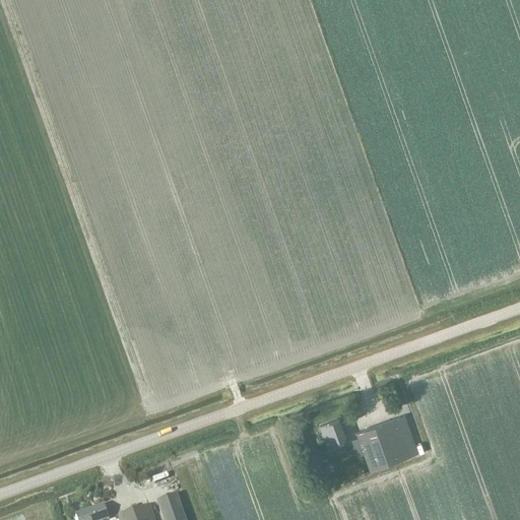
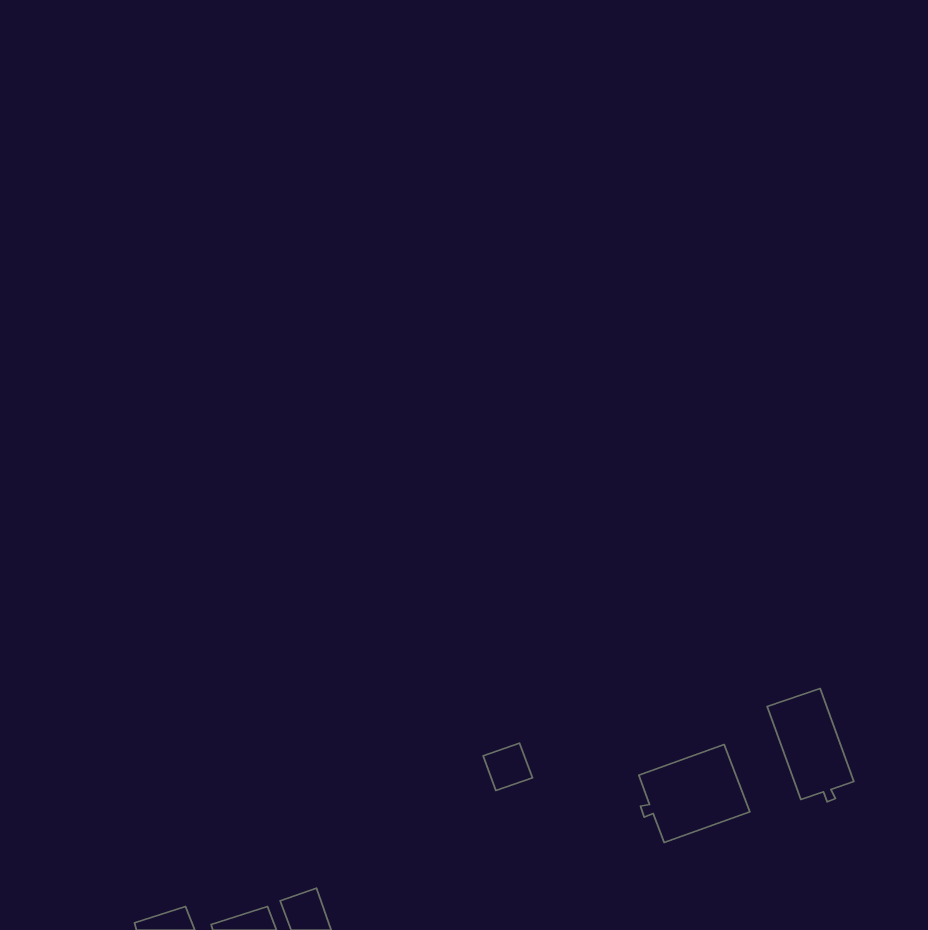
building: none -> [767,689,854,802]
building: [320,418,347,445] -> [483,743,532,791]

